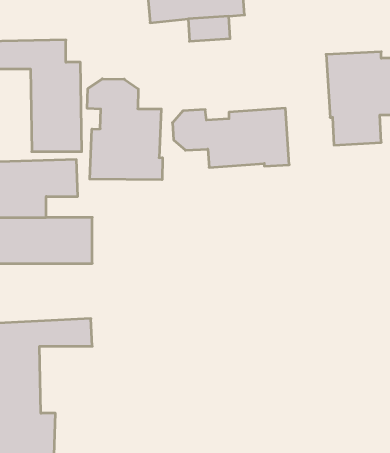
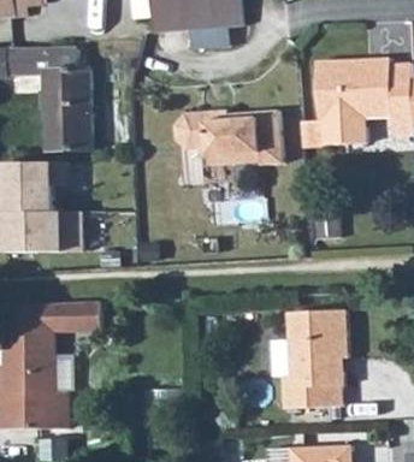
building: [87,79,162,180] -> none
building: none -> [280,309,347,408]

